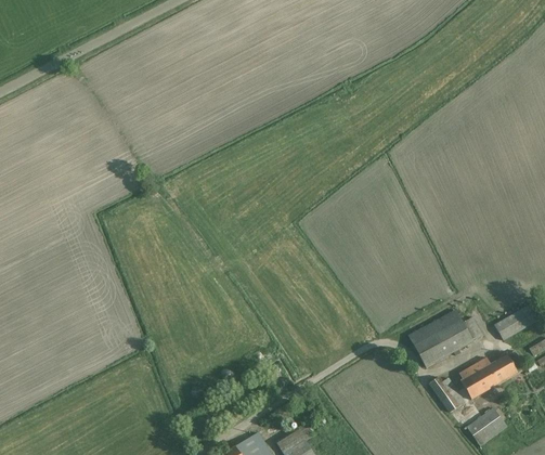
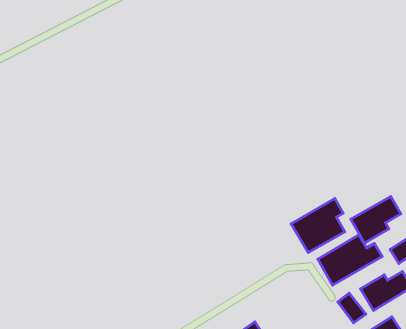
building: none -> [351,196,401,243]
building: none -> [291,198,345,252]

